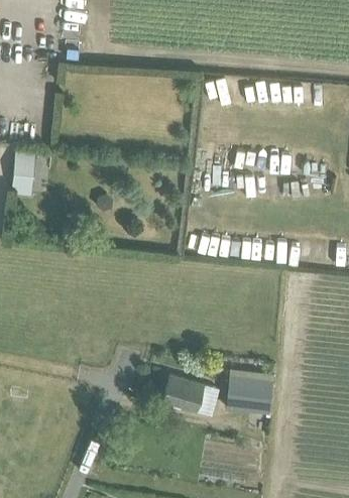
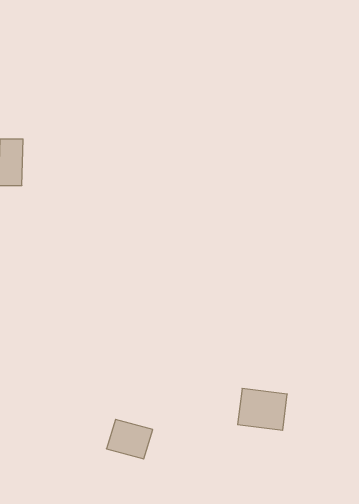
building: [162,377,204,412] -> [106,419,153,459]

